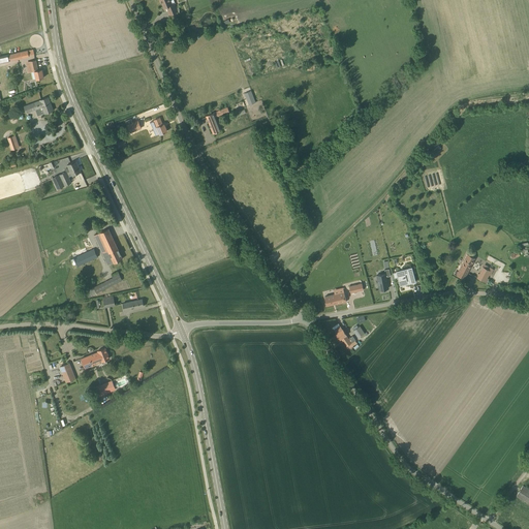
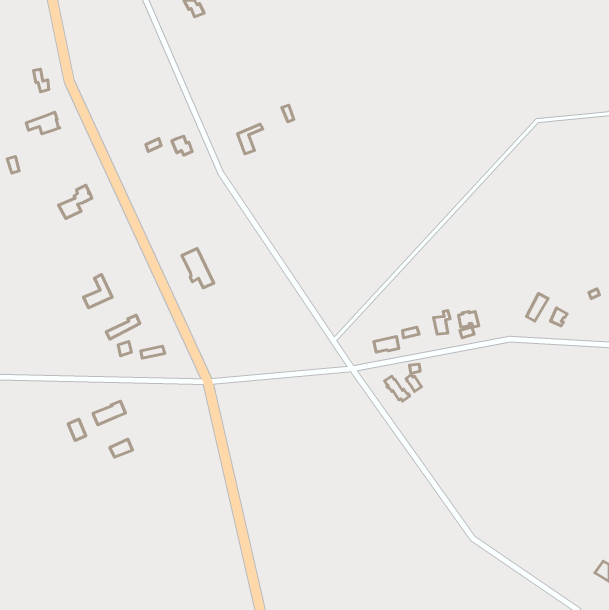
building: [94,228,122,262] -> [182,248,214,288]

